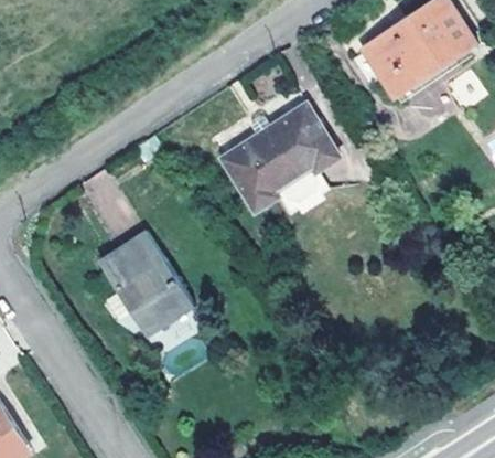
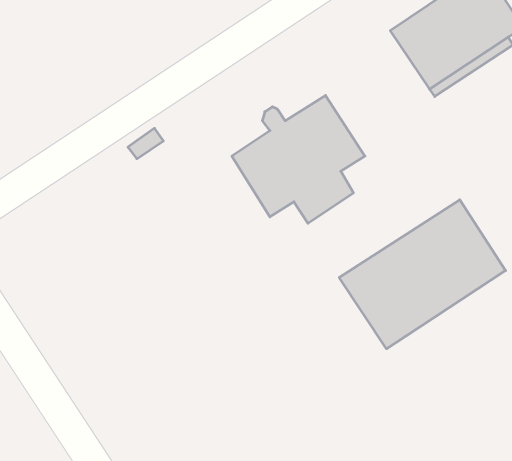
building: none -> [339,200,506,349]
building: [98,231,194,335] -> none

